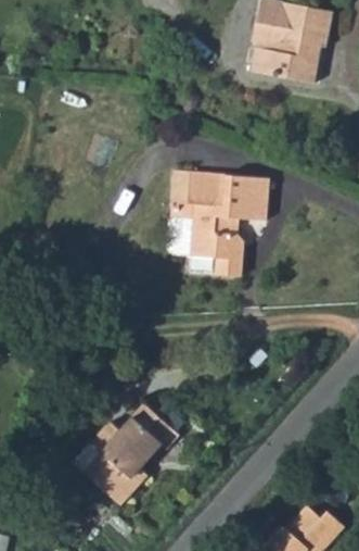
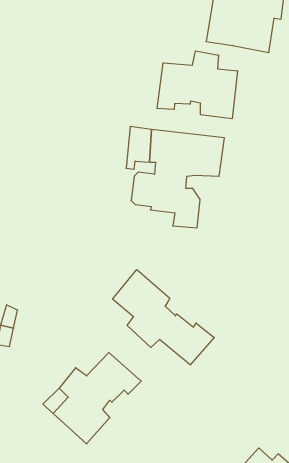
building: none -> [157,51,238,119]
building: none -> [113,270,214,365]

